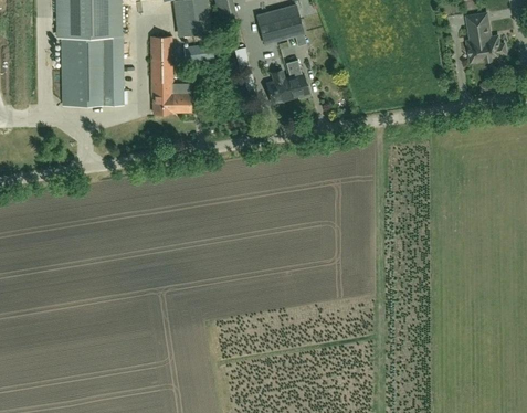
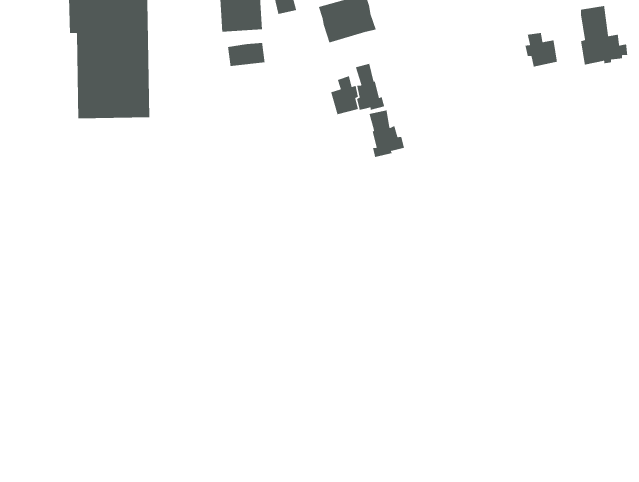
building: none -> [524,32,558,67]
building: [150,36,190,114] -> none
building: none -> [369,109,405,158]

